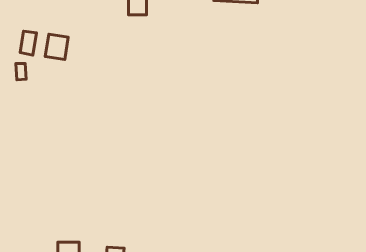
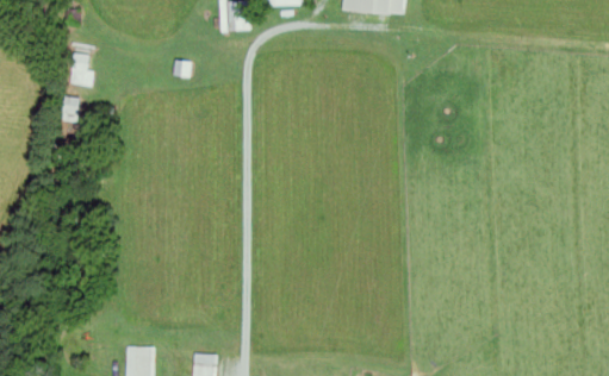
building: [45,34,68,60] -> none

